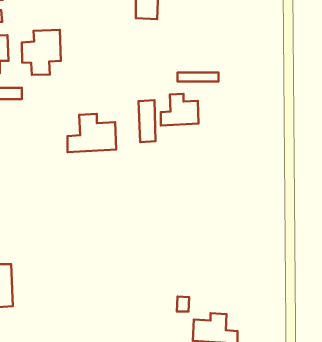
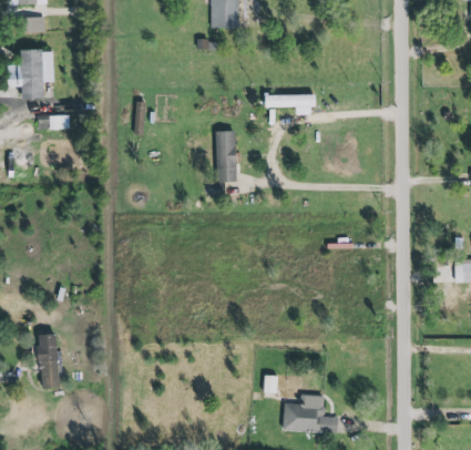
building: [22,30,61,75] -> none
building: [161,94,199,125] -> none
building: [67,114,116,152] -> none

